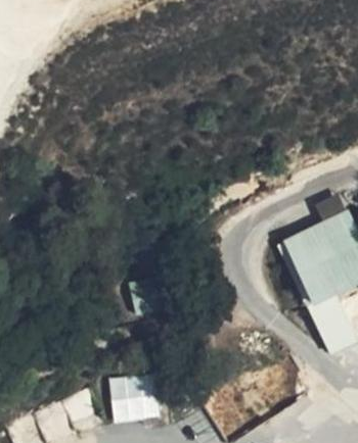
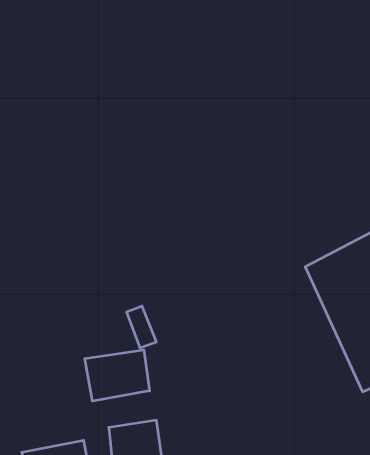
building: none -> [85,350,150,401]

